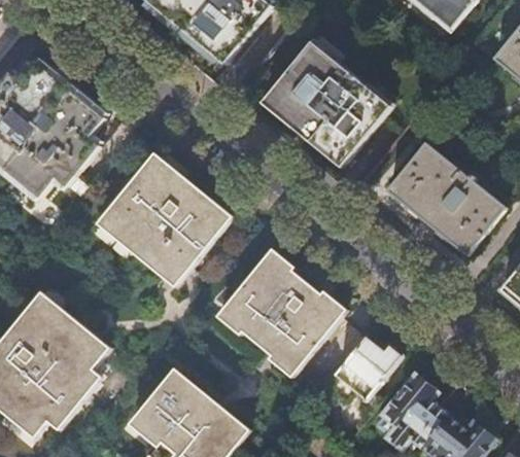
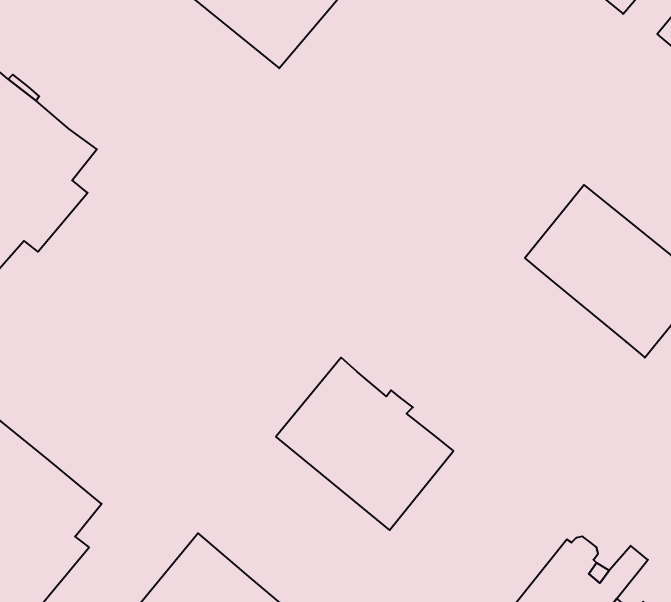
building: [266,39,392,162] -> none
building: [101,159,230,283] -> none
building: [326,337,402,402] -> none

